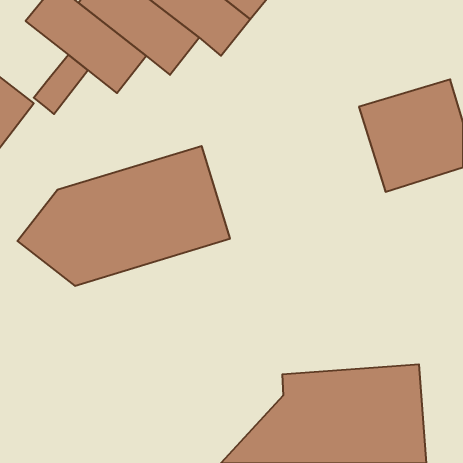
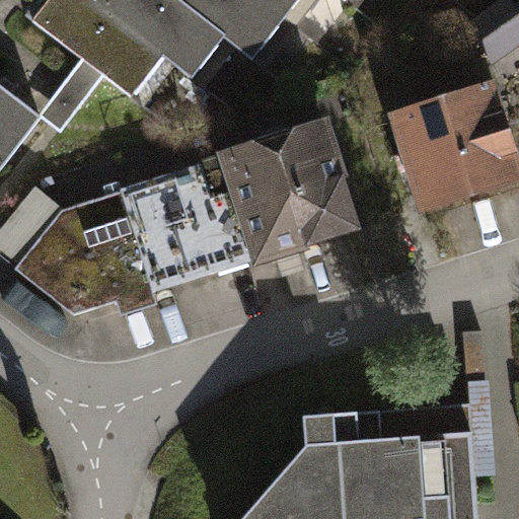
building: none -> [224,130,360,265]

